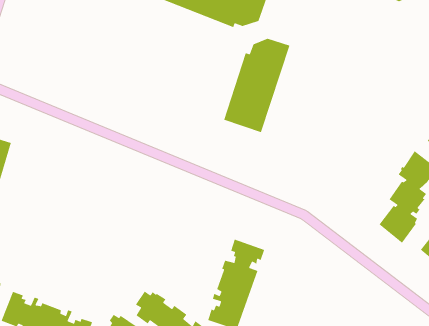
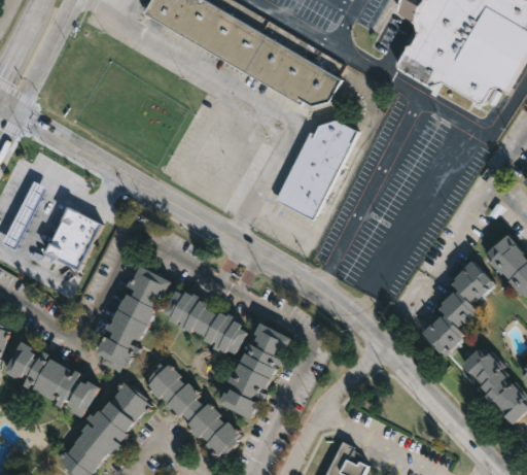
building: none -> [47,207,103,271]
building: none -> [99,268,174,373]
building: none -> [167,292,251,355]

